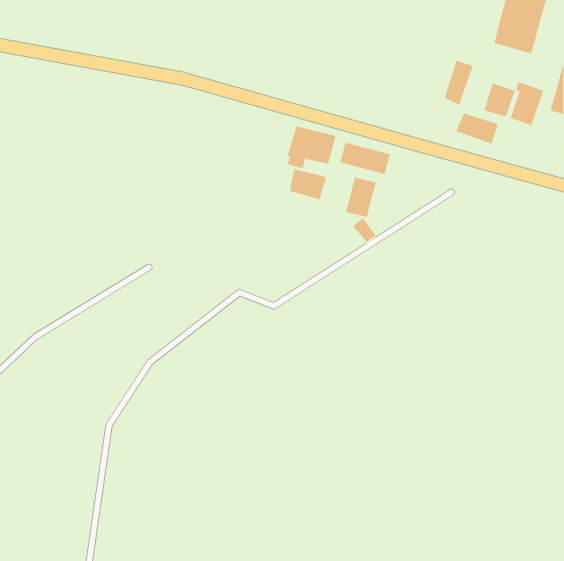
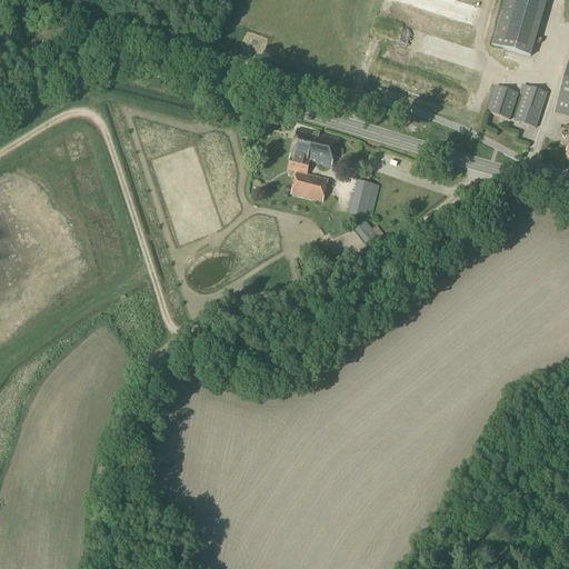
building: [444,60,474,106] -> none
building: [456,113,499,145] -> none
building: [340,142,390,175] -> none

